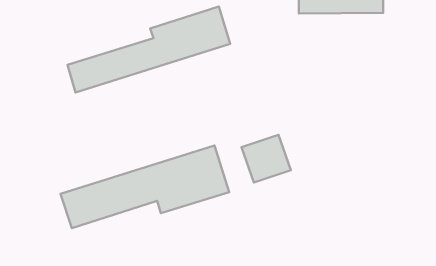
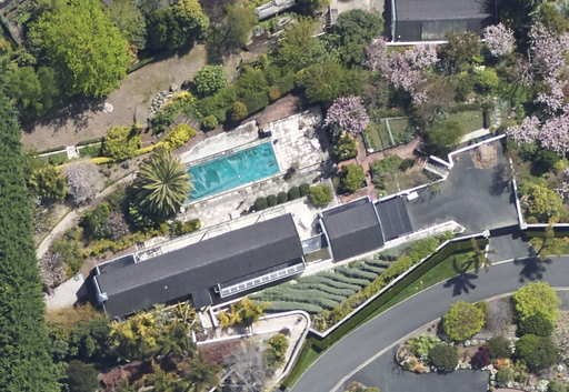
building: [67,7,230,92] -> none

